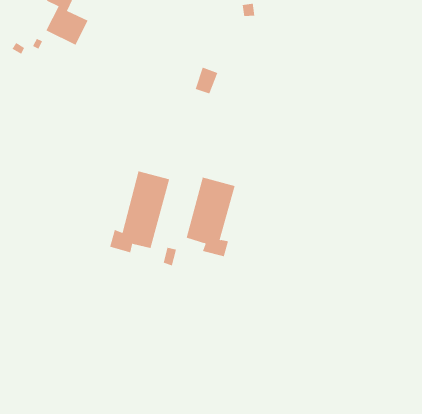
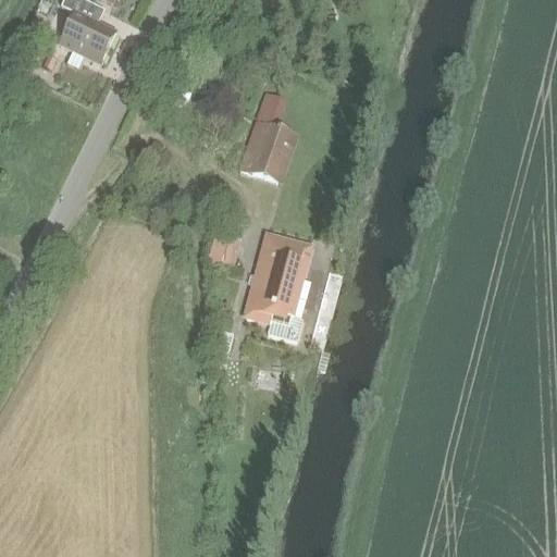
building: none -> [252,124,295,178]
building: [110,170,170,253] -> none

